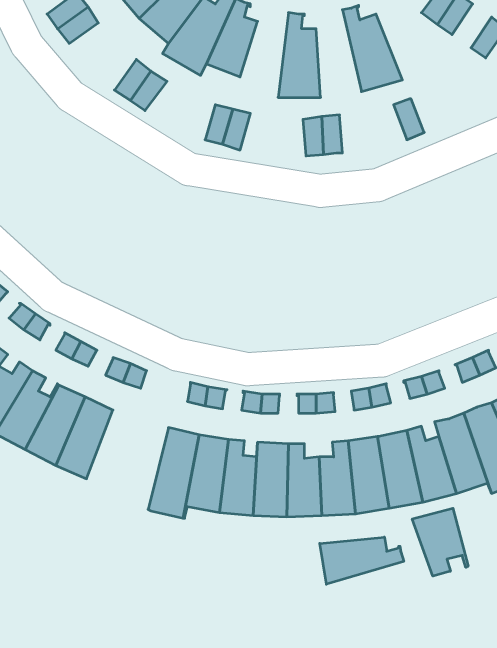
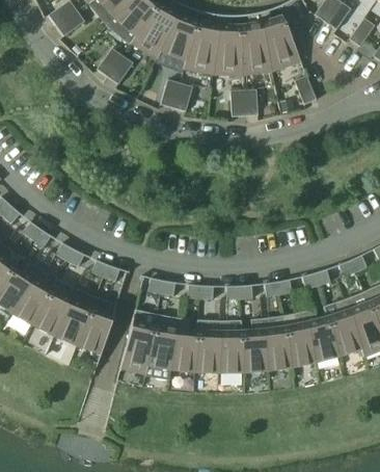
building: none -> [239,12,271,75]
building: none -> [183,14,219,75]
building: none -> [76,297,115,355]
building: [412,508,468,576] -> none
building: [320,537,404,584] -> none

